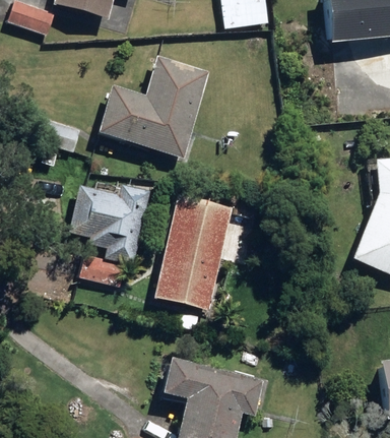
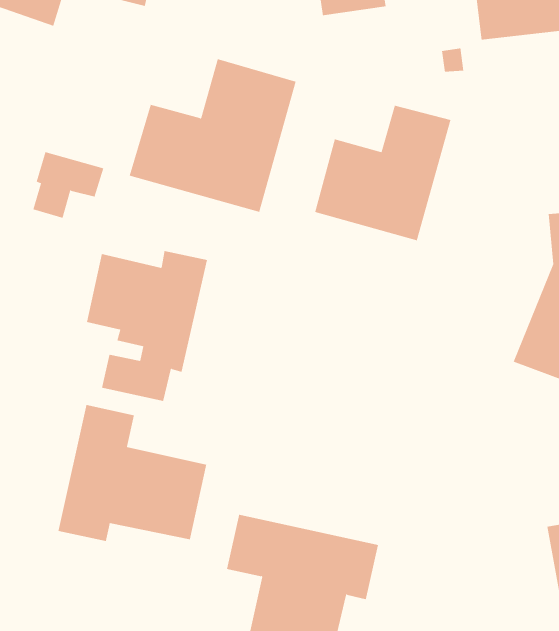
building: none -> [315,105,451,241]
building: [153,194,233,310] -> none
building: none -> [58,404,207,542]

